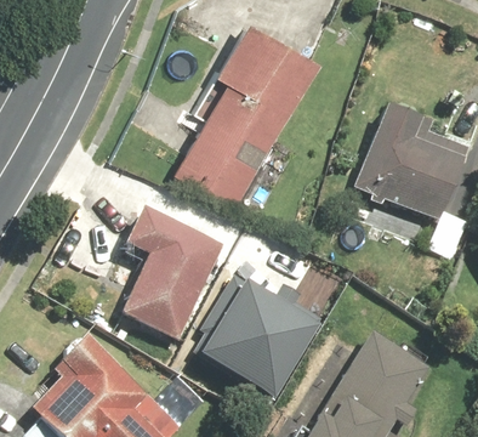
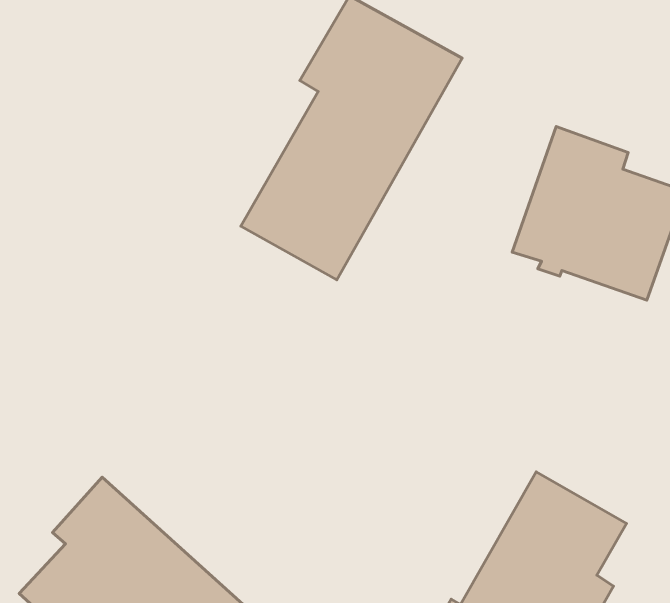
building: [121,210,222,341] -> none
building: [200,273,334,396] -> none

